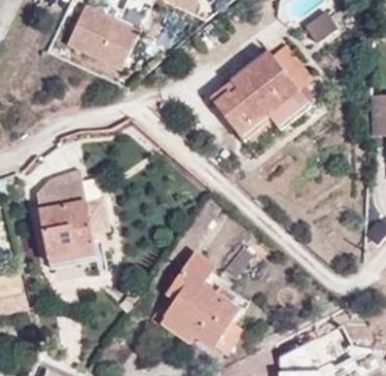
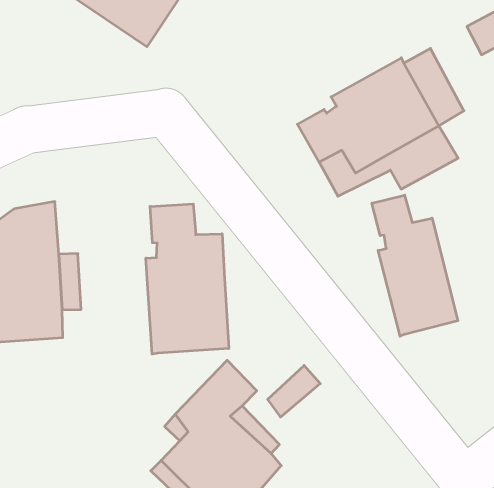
building: none -> [372,195,458,336]
building: none -> [146,204,229,354]

